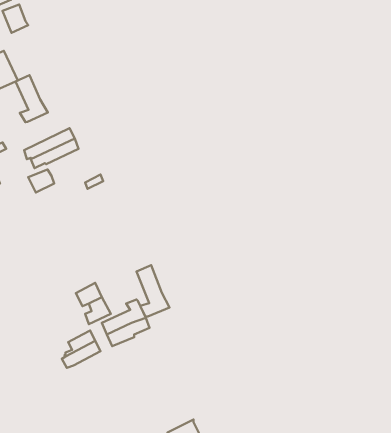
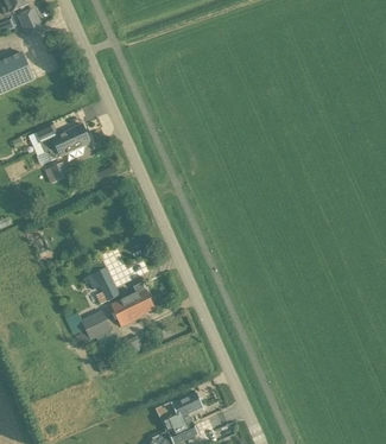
building: [16,75,48,122] -> none
building: [136,265,170,317] -> none

